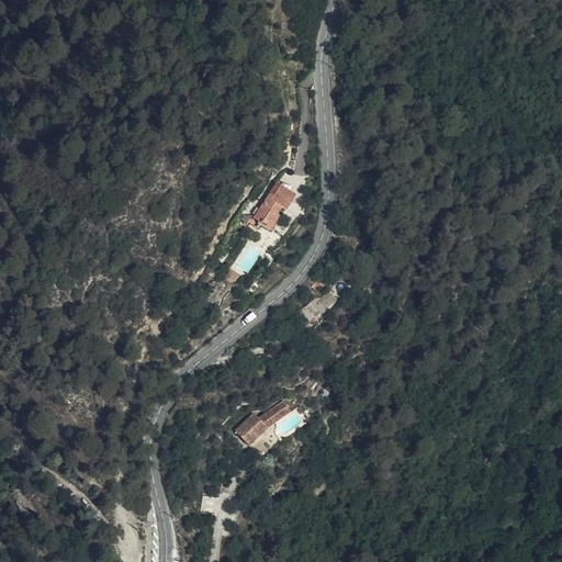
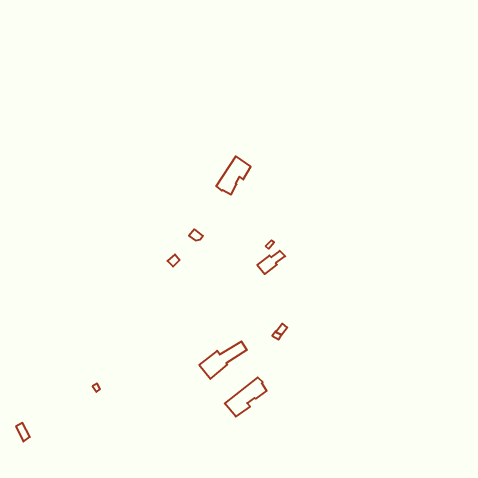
building: none -> [225,377,267,417]

